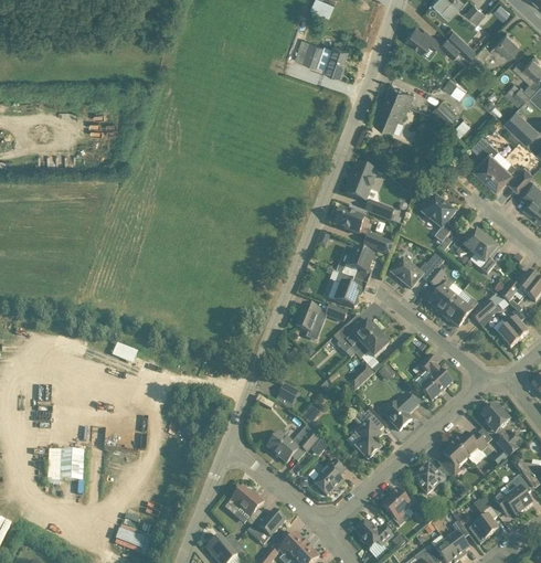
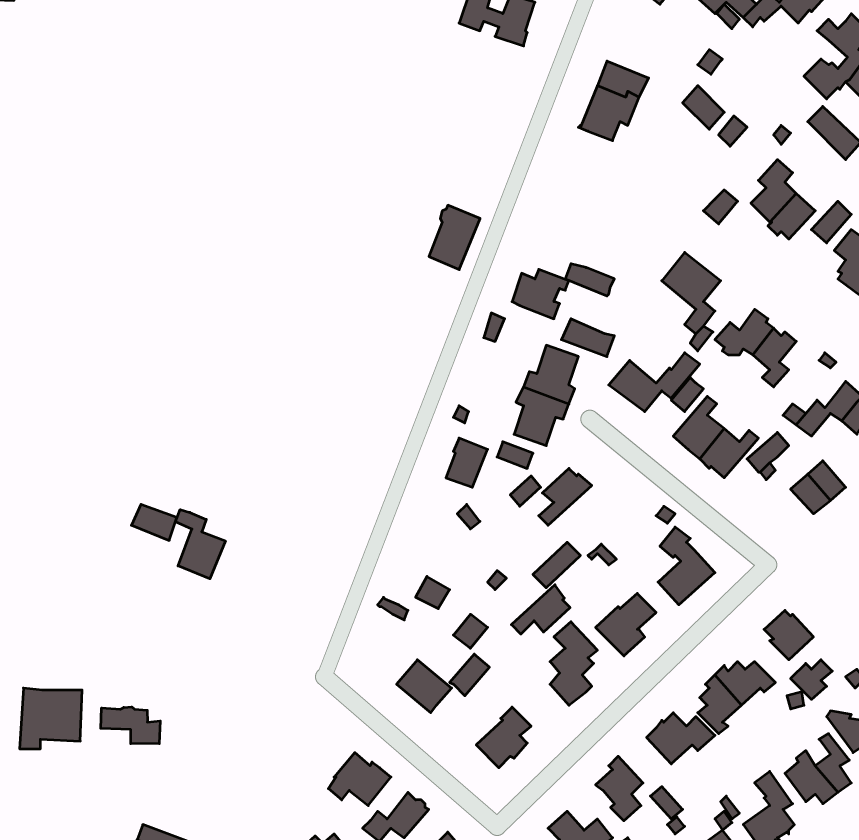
building: [346,162,375,200] -> [429,205,480,270]
building: [354,330,389,359] -> [511,585,570,634]
building: none -> [176,510,225,579]
building: none -> [101,707,160,744]

